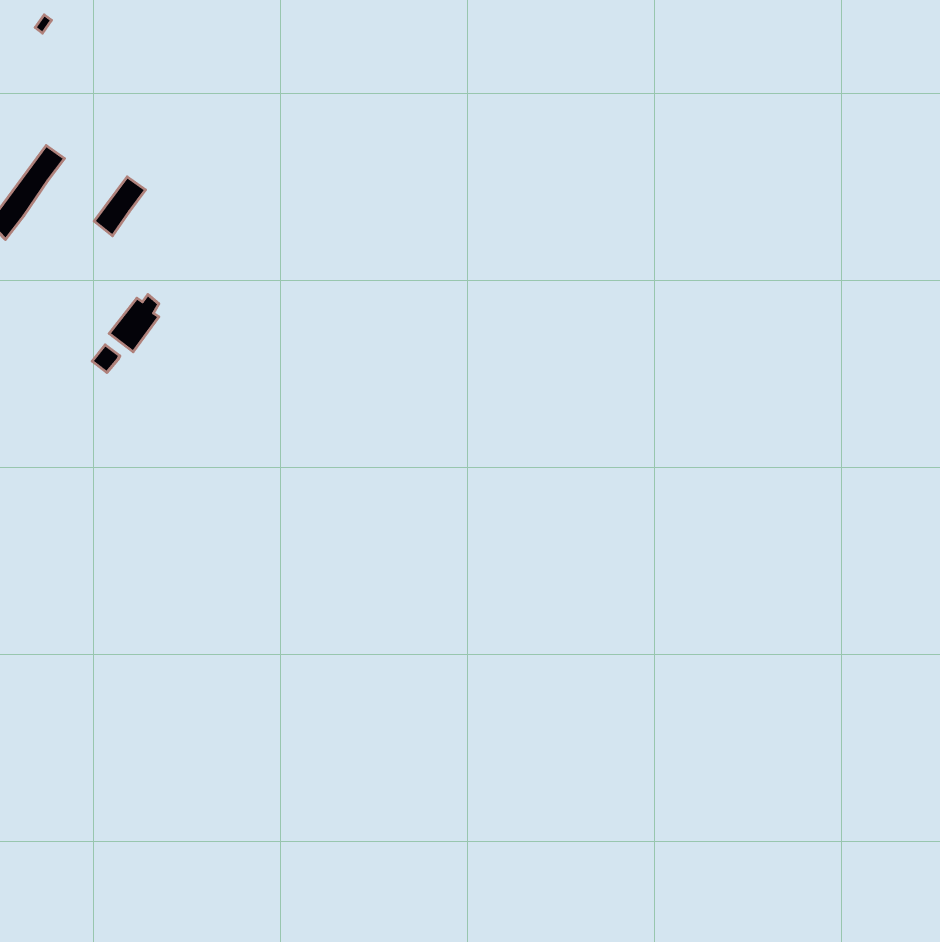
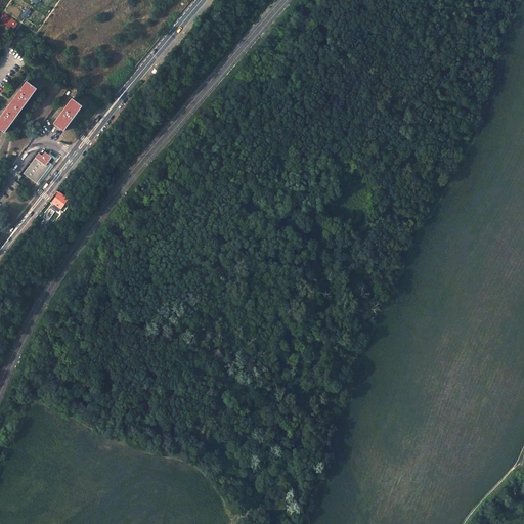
building: [109,295,159,352] -> [23,151,50,183]

